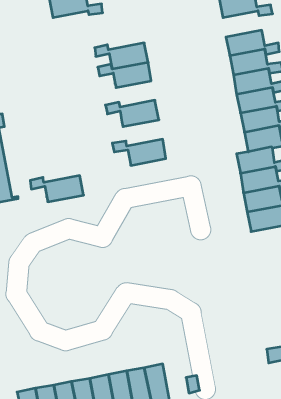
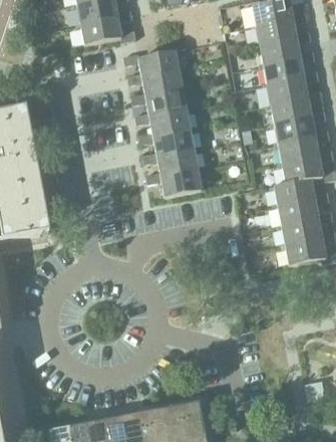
building: none -> [261,36,315,63]
building: none -> [124,49,180,76]
building: none -> [135,108,191,136]
building: [30,176,84,202] -> [143,149,199,176]

